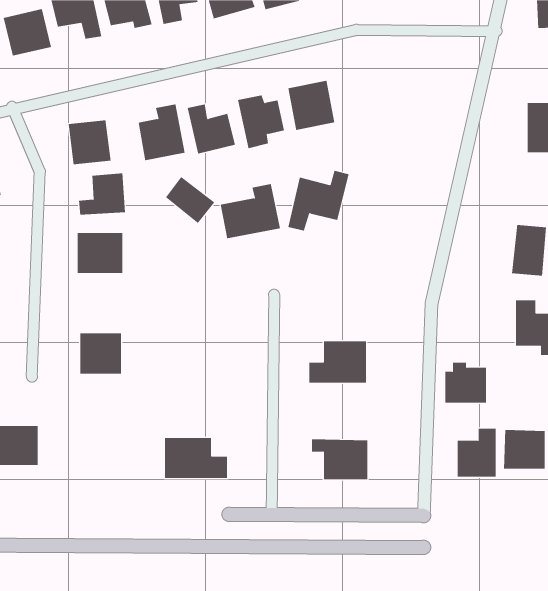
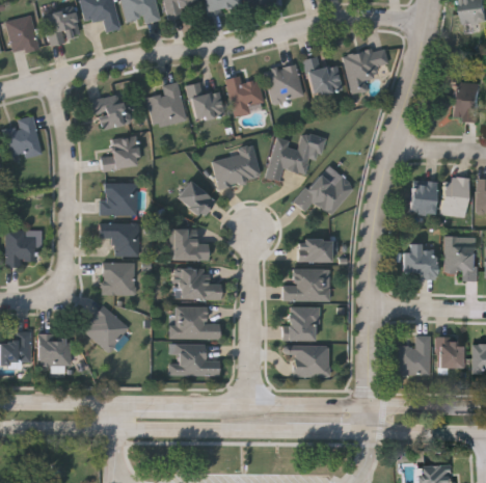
building: none -> [344,48,388,93]
building: none -> [304,56,343,97]
building: [165,176,215,224] -> [177,181,216,218]
building: none -> [294,173,353,214]
building: none -> [412,181,436,214]
building: none -> [100,223,139,256]
building: none -> [170,229,208,260]
building: none -> [299,238,331,262]
building: none -> [179,268,220,299]
building: [444,362,487,403] -> [403,245,436,277]
building: none -> [82,305,130,353]
building: none -> [169,306,220,340]
building: none -> [288,307,317,342]

